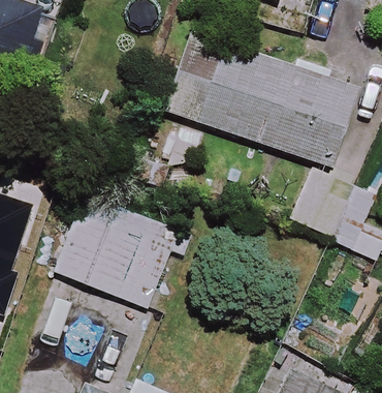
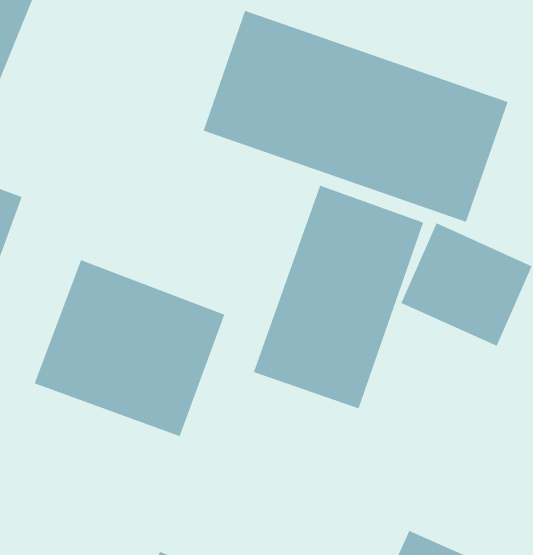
building: none -> [253,185,424,409]

